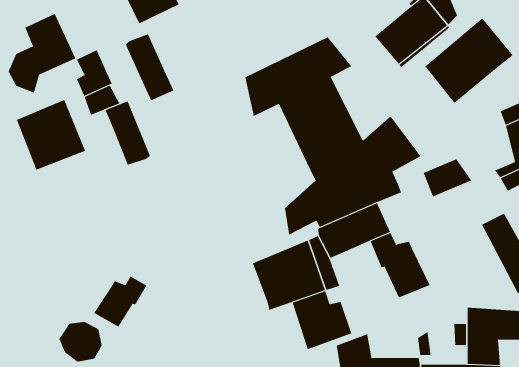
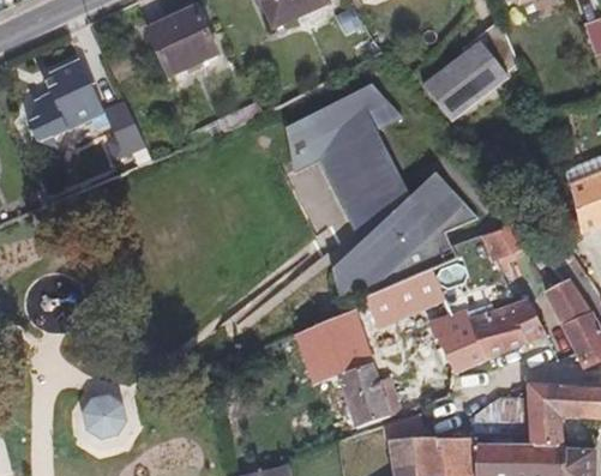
building: [424,17,514,104] -> none
building: [125,34,174,101] -> none
building: [16,99,86,171] -> none
building: [105,101,151,166] -> none
building: none -> [469,300,546,357]
building: [93,276,147,328] -> none

